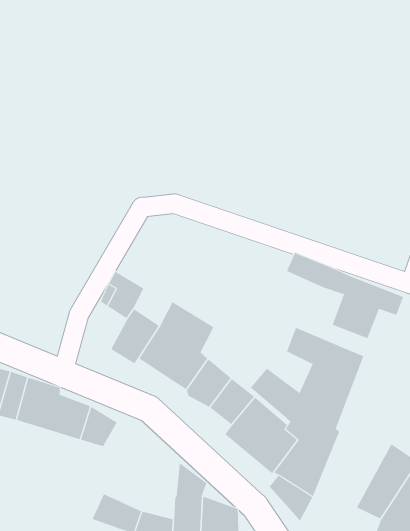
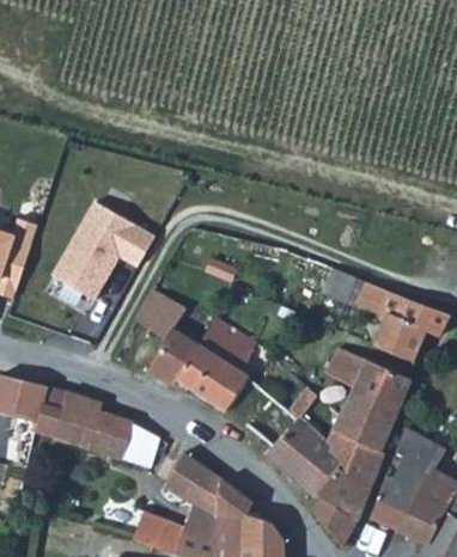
building: none -> [49,200,153,300]
building: none -> [371,424,446,528]
building: none -> [163,457,219,519]

